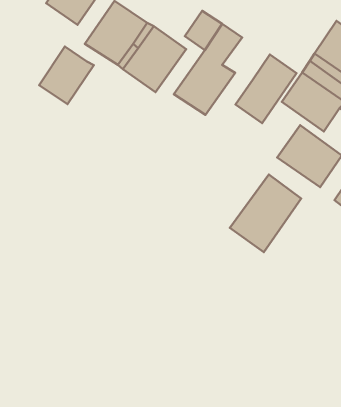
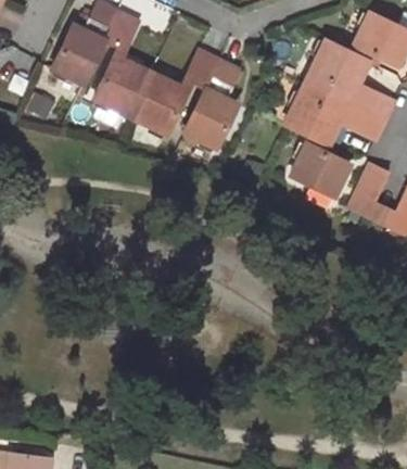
building: [39,47,94,104] -> none
building: [236,55,297,123] -> none
building: [230,175,301,252] -> none

